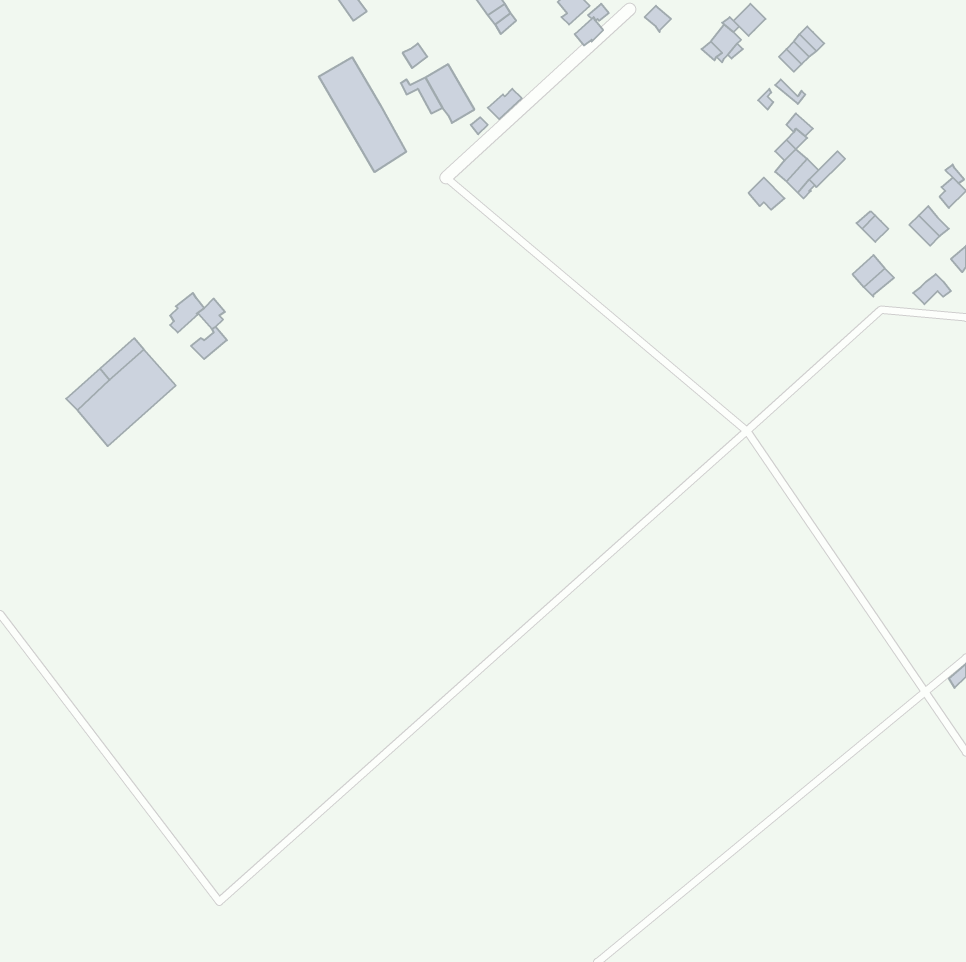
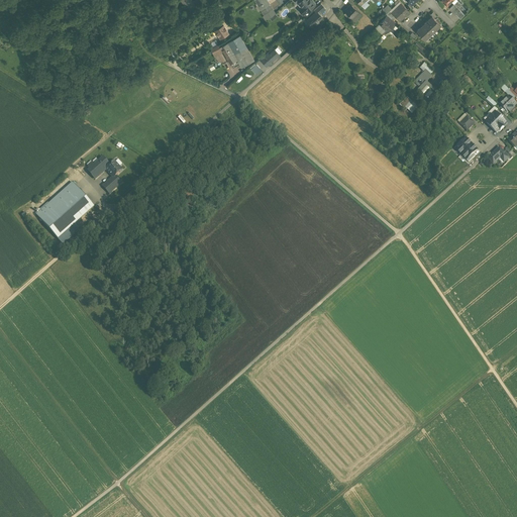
building: [319,57,406,172] -> none

